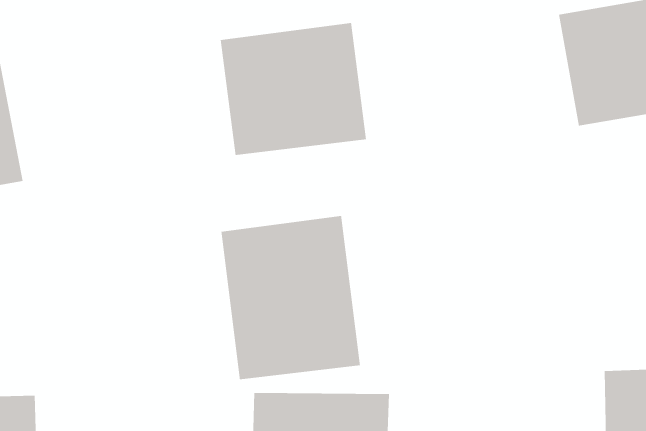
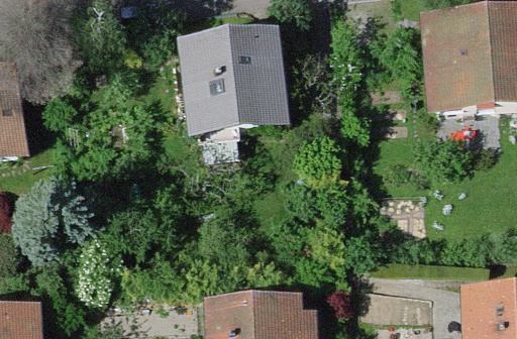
building: [221,215,360,380] -> none

